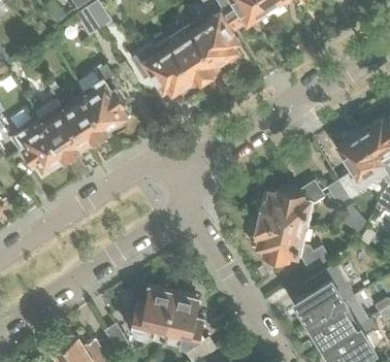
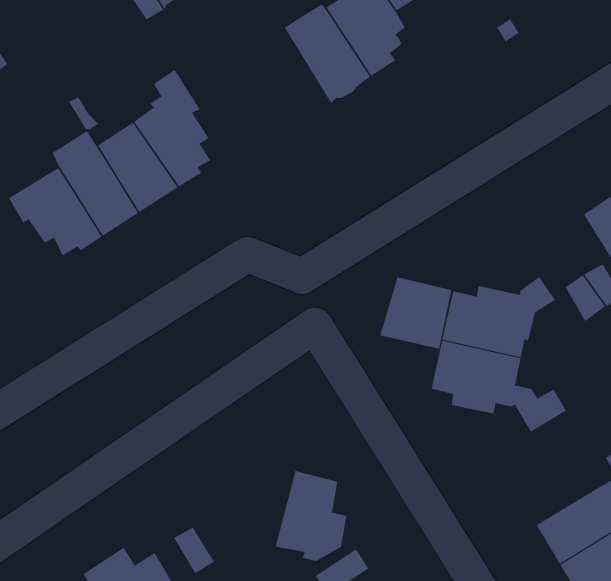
building: [129,41,194,93] -> none
building: none -> [380,277,452,350]
building: [296,279,345,324] -> none
building: [128,287,173,336] -> none

